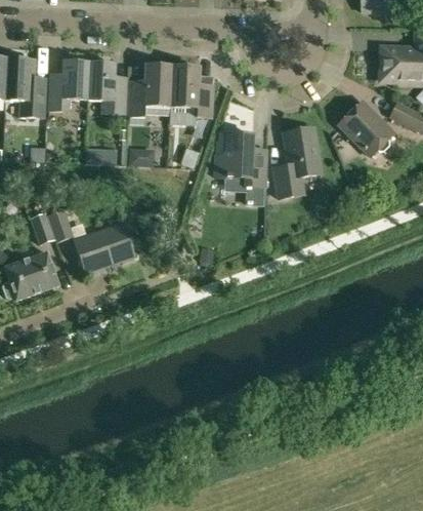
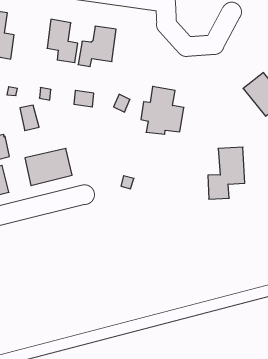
building: [48,60,88,111] -> none
building: [170,65,212,116] -> none
building: [273,126,321,196] -> [208,147,245,199]
building: [46,208,73,241] -> [20,105,39,131]

